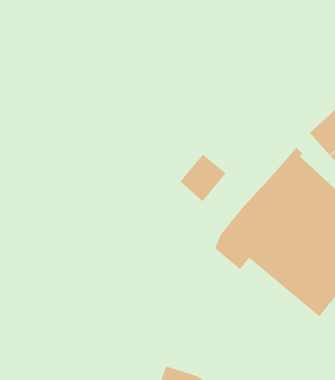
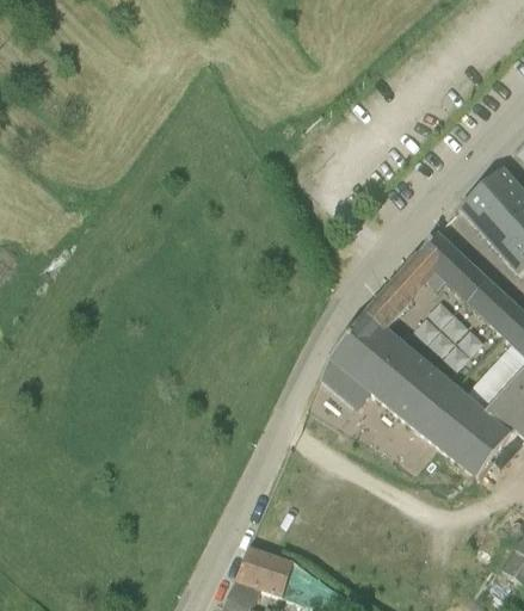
building: [179,154,227,202] -> none

